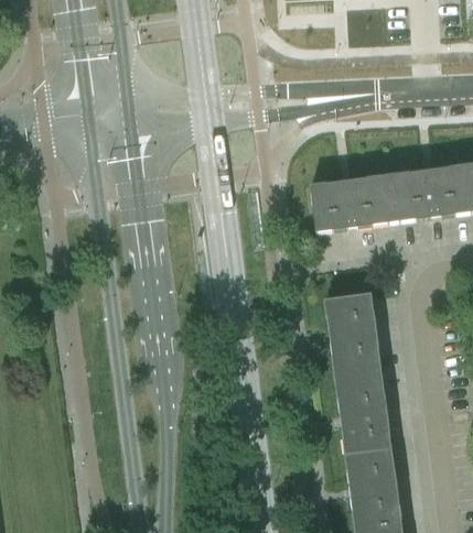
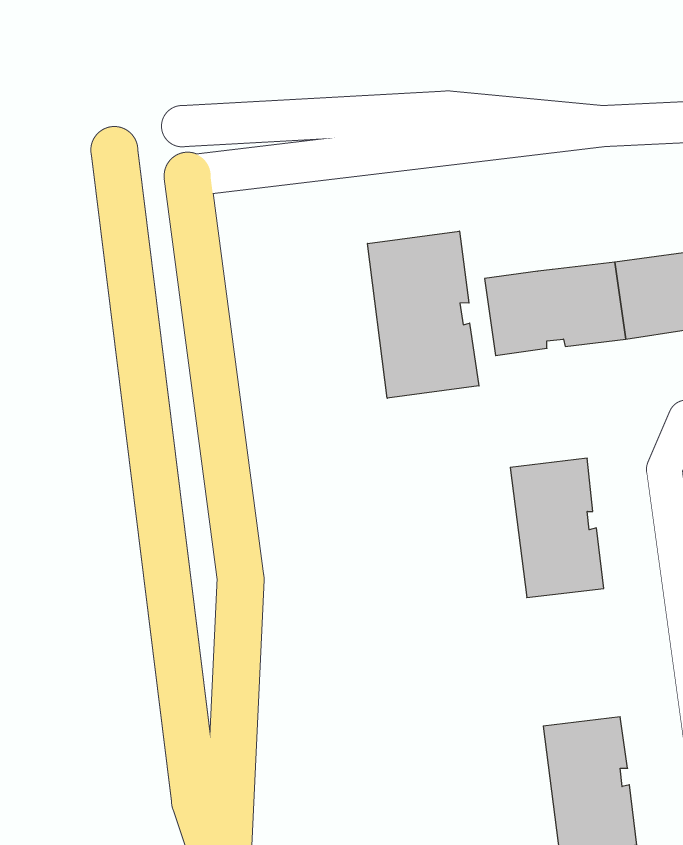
building: none -> [368,231,479,398]
building: [335,370,391,453] -> none

